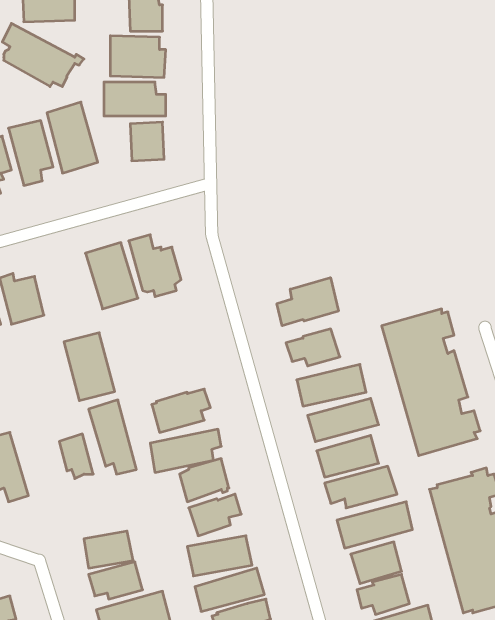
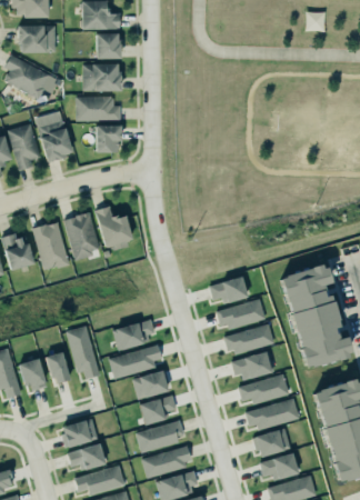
building: [277,278,338,326] -> none
building: [64,333,115,401] -> [33,222,70,271]
building: none -> [18,357,47,390]

